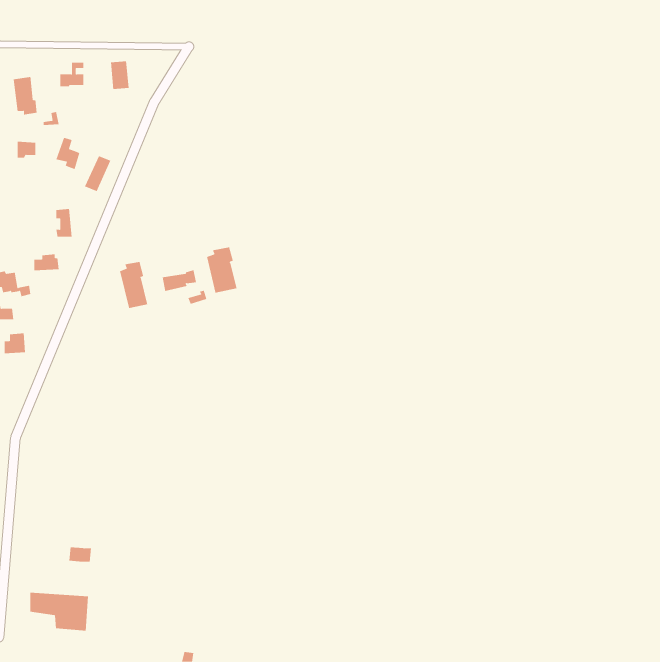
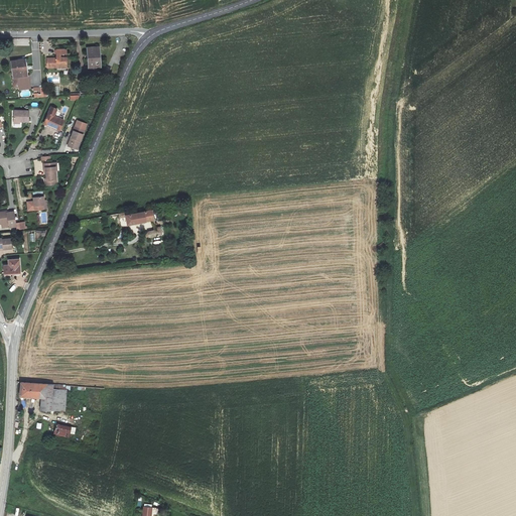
building: [206,247,237,294] -> none
building: [120,261,148,309] -> none
building: [29,592,89,631] -> [20,381,67,411]

